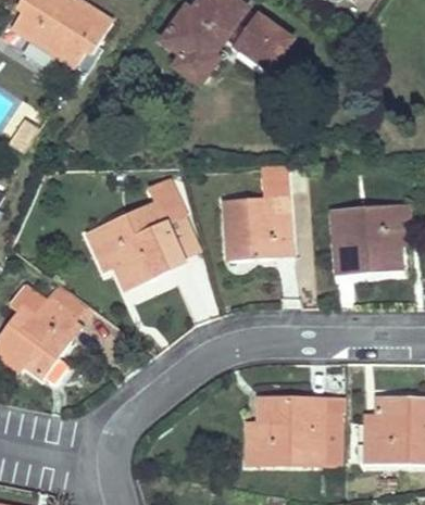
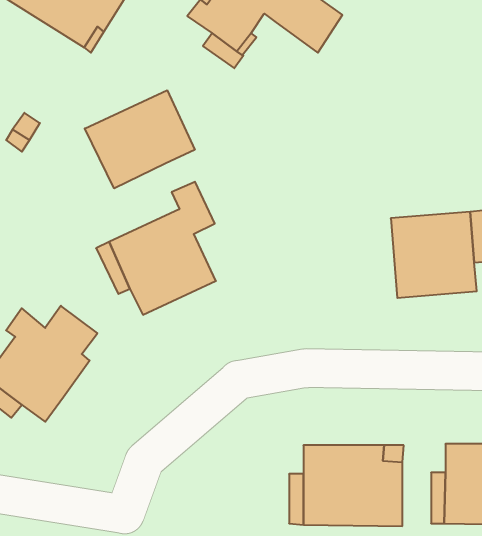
building: none -> [85,90,195,188]
building: [224,168,291,260] -> none

